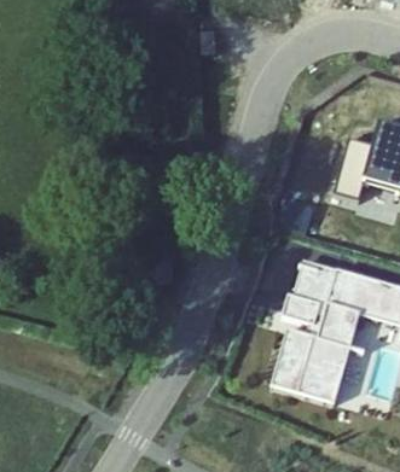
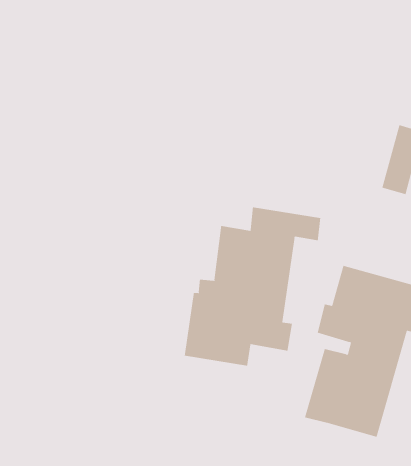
building: none -> [184,207,321,367]

